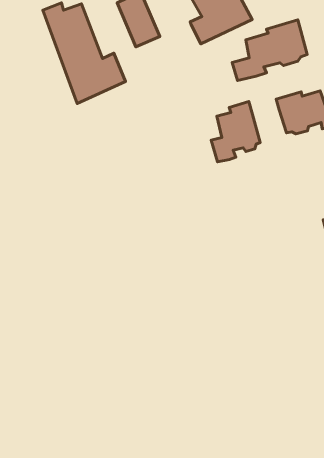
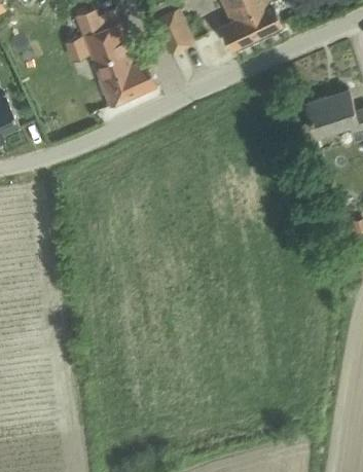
building: [232,20,307,81] -> none
building: [211,102,260,162] -> none

